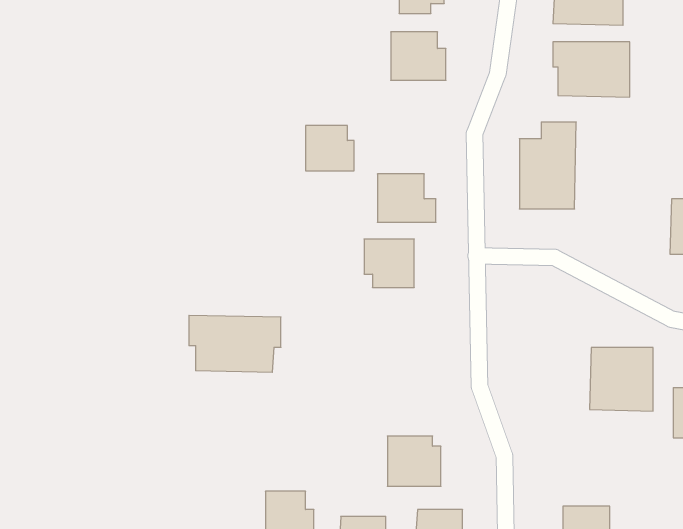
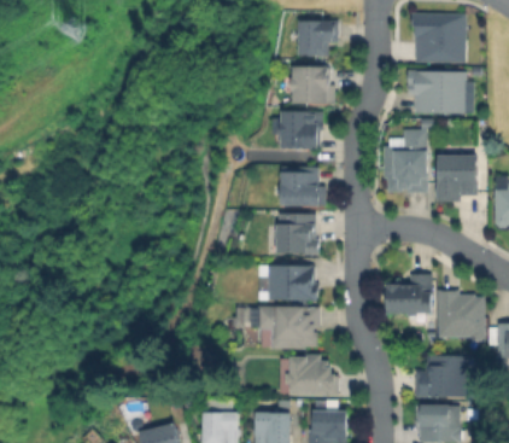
building: [306,126,354,171] -> [282,113,317,146]
building: none -> [438,156,481,204]
building: none -> [269,270,311,299]
building: [189,315,281,372] -> [256,305,322,346]
building: none -> [392,278,429,313]
building: none -> [422,361,466,396]

